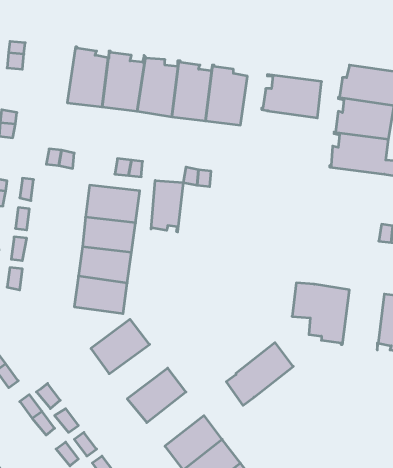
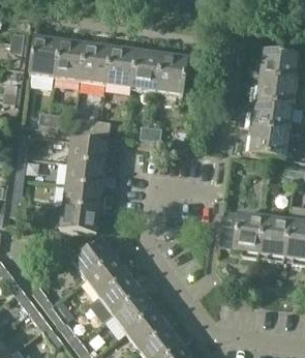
building: none -> [28,33,60,78]
building: [262,75,322,118] -> [244,125,288,157]
building: [151,180,183,232] -> none
building: none -> [257,216,288,261]
building: [226,343,293,405] -> [105,292,155,338]
building: none -> [85,257,128,297]

